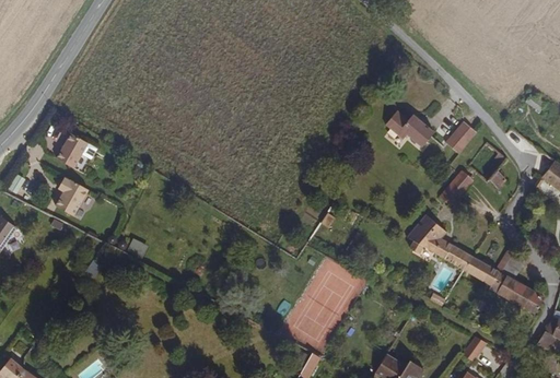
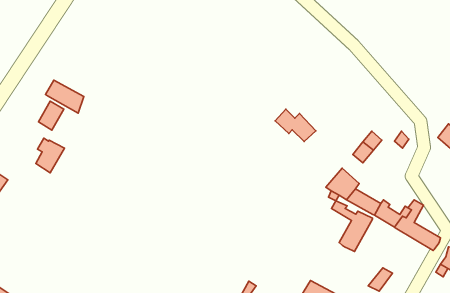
building: [386,107,435,146] -> [275,109,316,142]
building: none -> [45,80,84,113]
building: [445,122,476,155] -> none
building: none -> [331,201,373,251]

